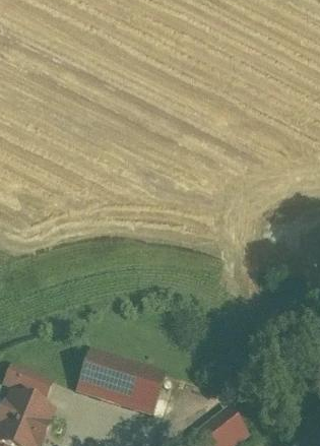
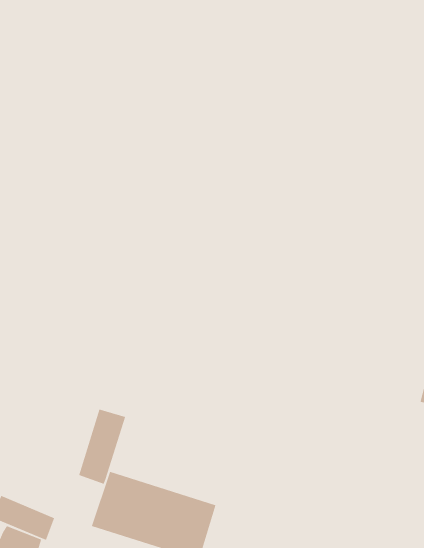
building: none -> [78,409,126,485]

